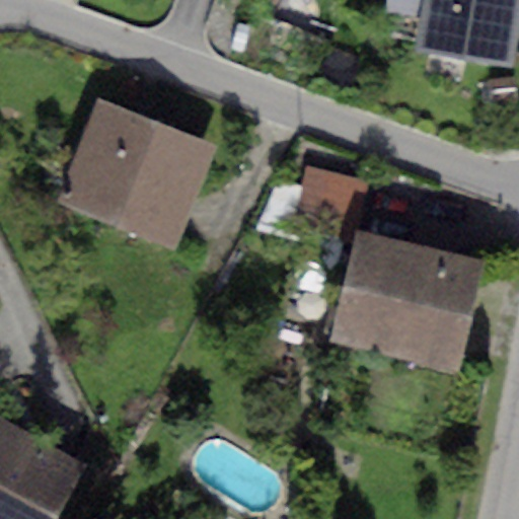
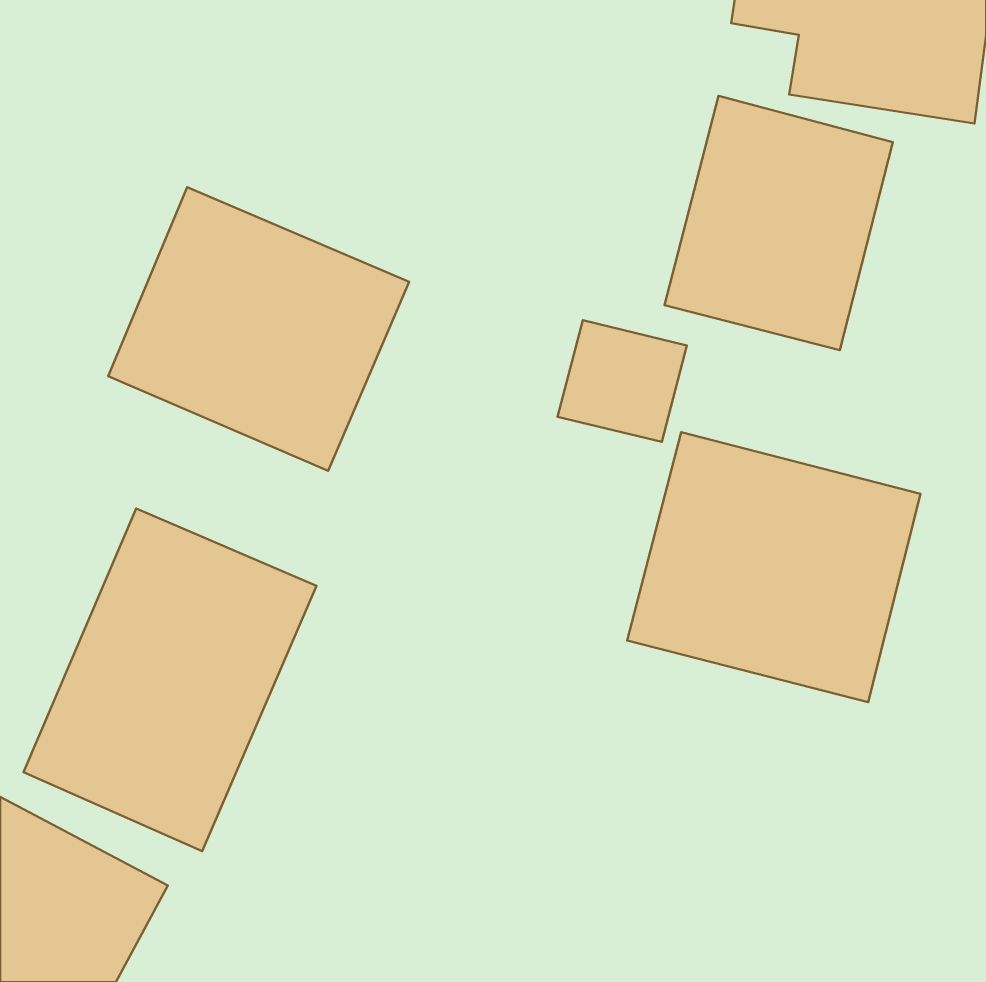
building: none -> [664,96,893,350]
building: none -> [23,509,316,851]

